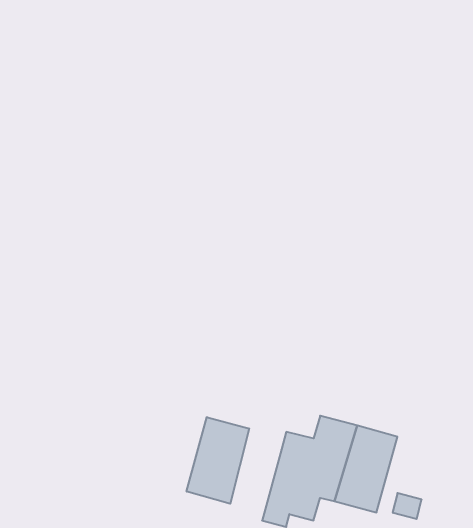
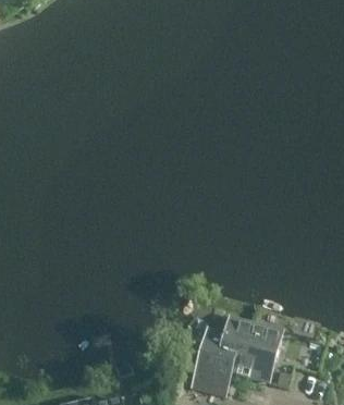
building: [187,417,249,504] -> none

